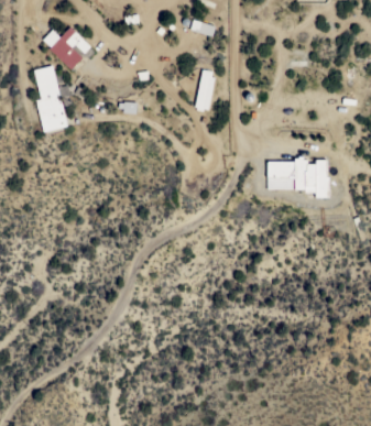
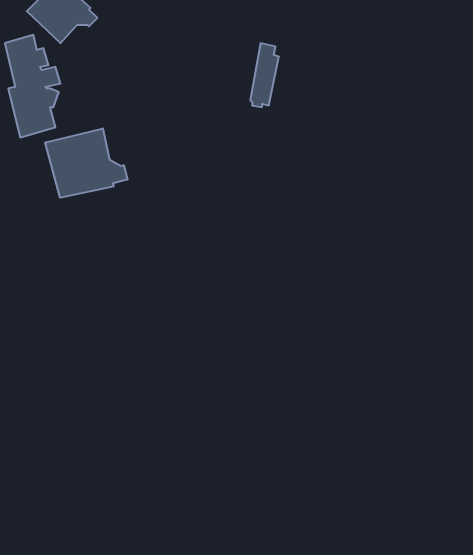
building: none -> [45,128,128,198]
building: [266,156,329,198] -> none

